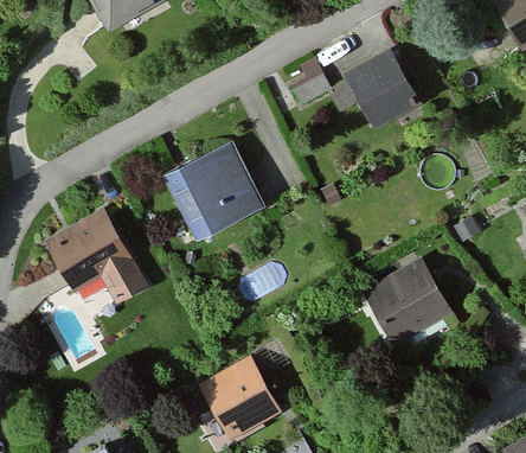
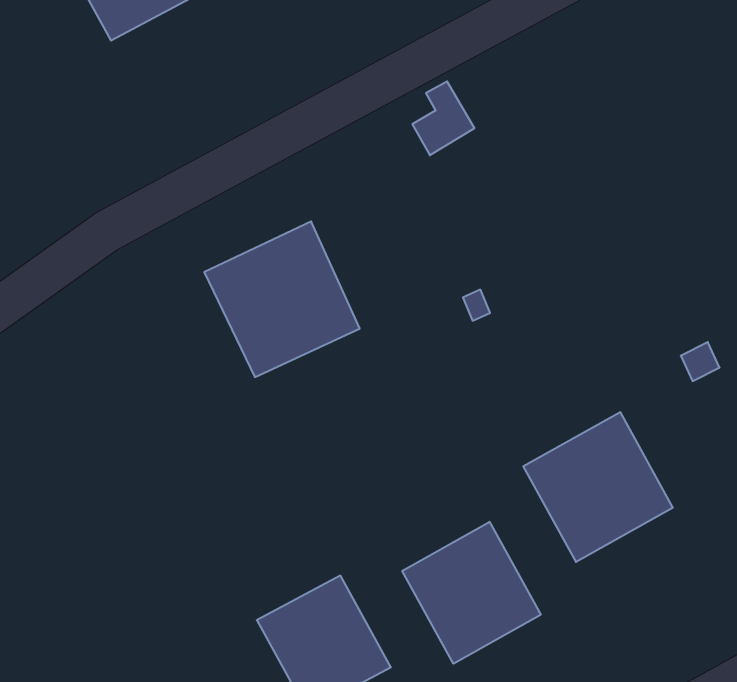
building: [335,51,412,127] -> none
building: [47,208,148,301] -> none
building: none -> [402,522,541,664]

